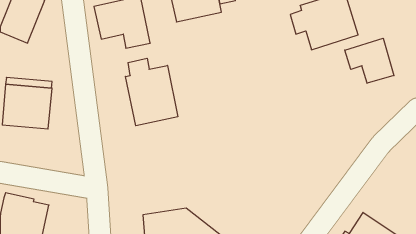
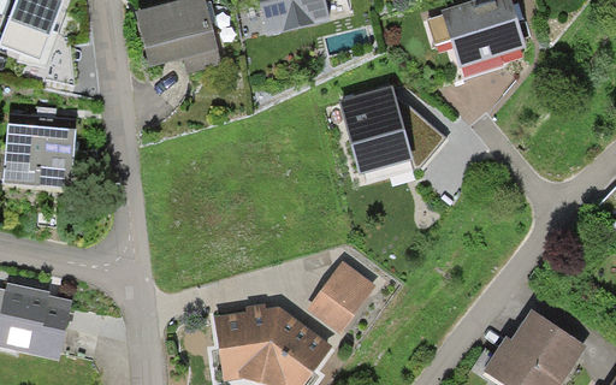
building: [345,38,394,83] -> none
building: [125,58,178,126] -> none
building: none -> [343,90,444,177]
building: none -> [306,265,372,334]

